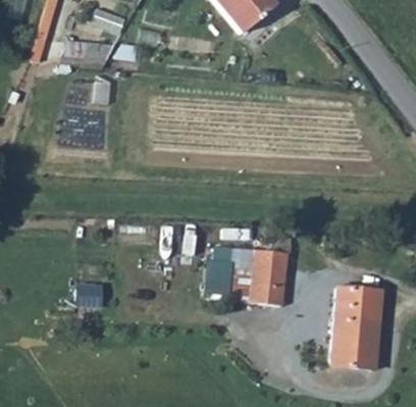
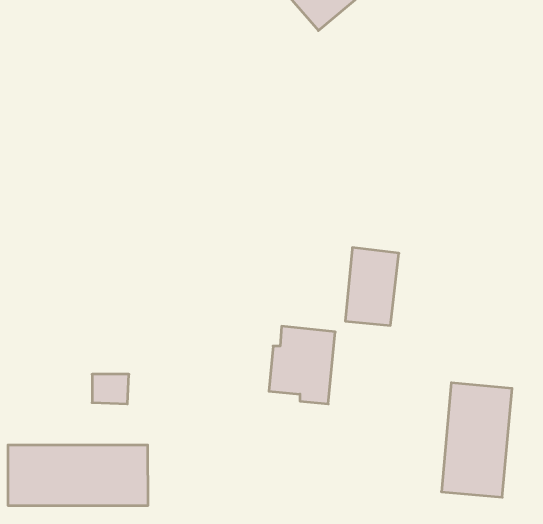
building: [250,248,289,304] -> [345,248,399,325]
building: none -> [8,445,148,506]

